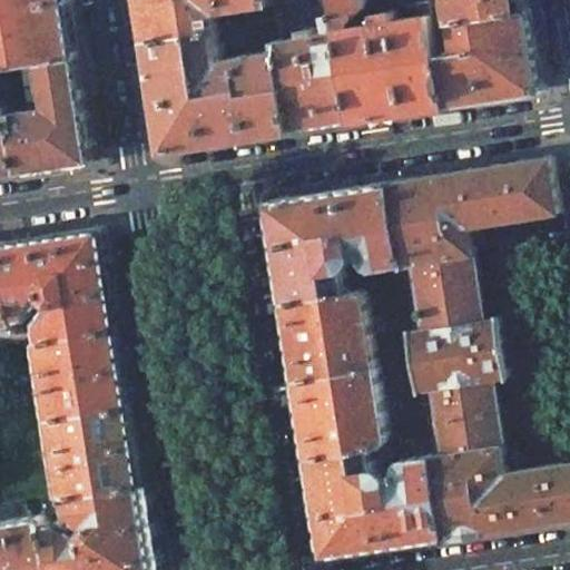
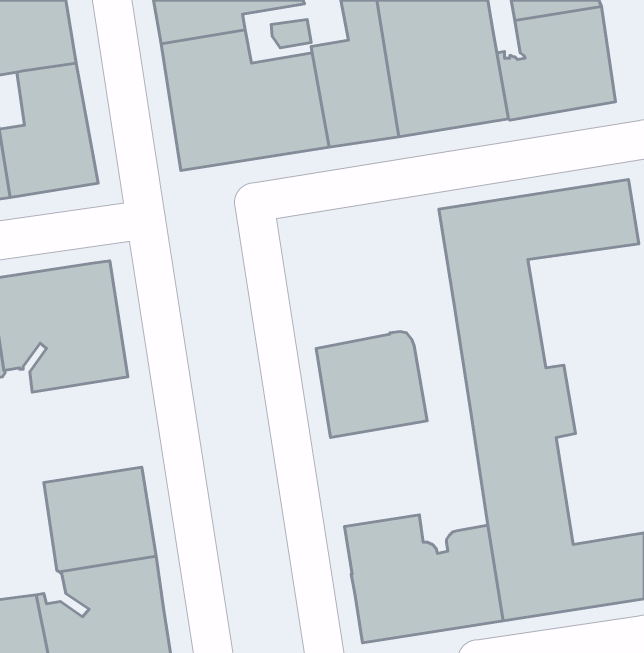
building: [257,186,392,306] -> none
building: [26,331,122,422] -> none
building: [285,368,379,460] -> none

